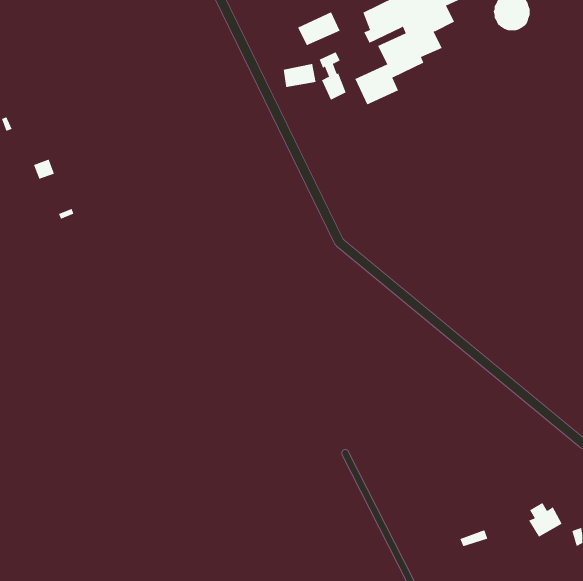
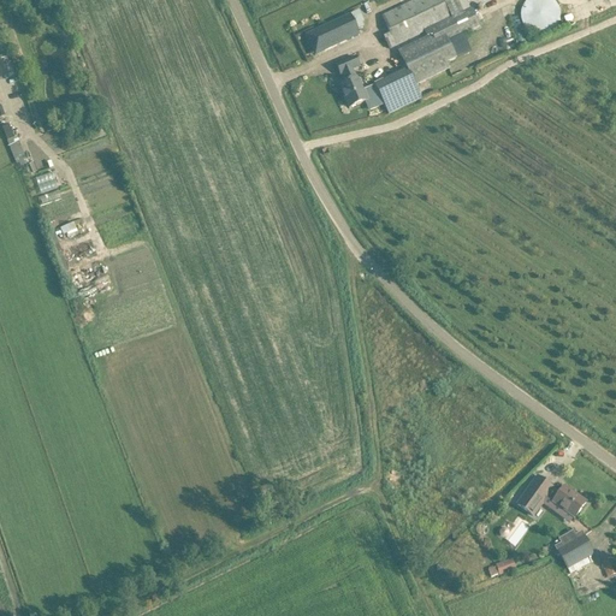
building: [283,63,316,88] -> none
building: none -> [516,474,585,515]

